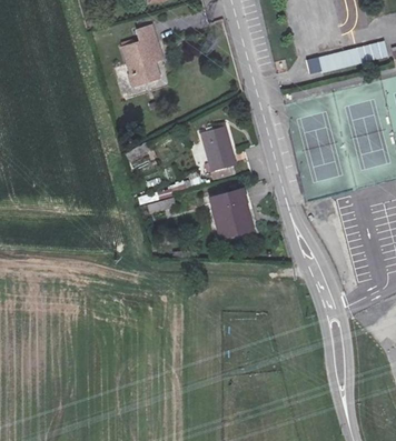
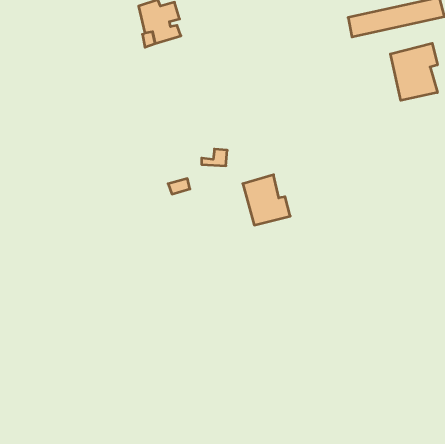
building: none -> [390,43,437,100]
building: [204,124,235,170] -> none

